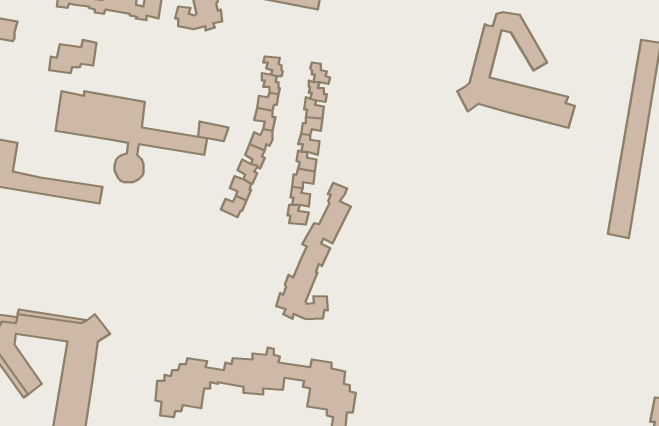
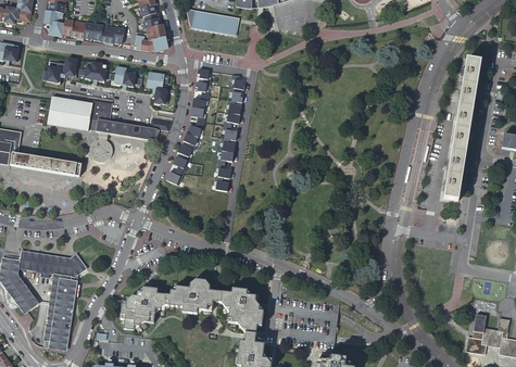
building: [457,12,575,128] -> none
building: none -> [79,61,142,85]
building: none -> [147,71,169,102]
building: [276,183,351,319] -> none

